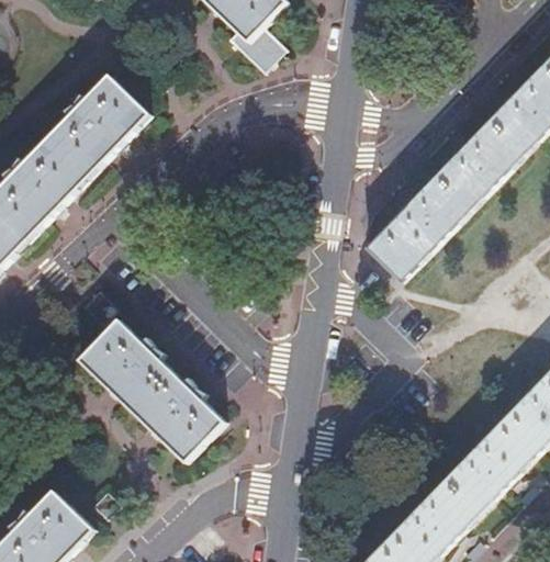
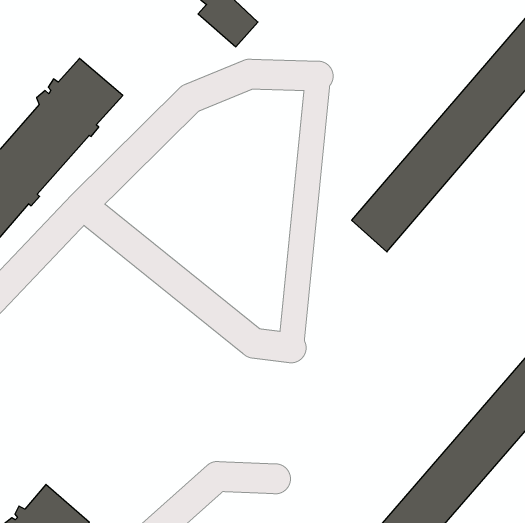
building: [79,319,225,462] -> none

